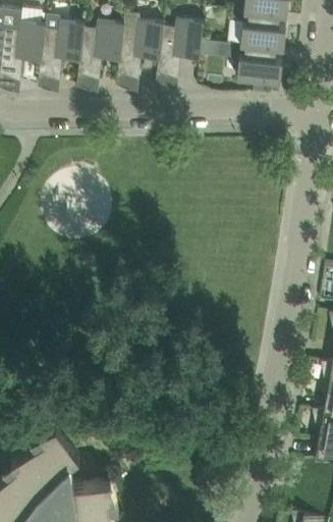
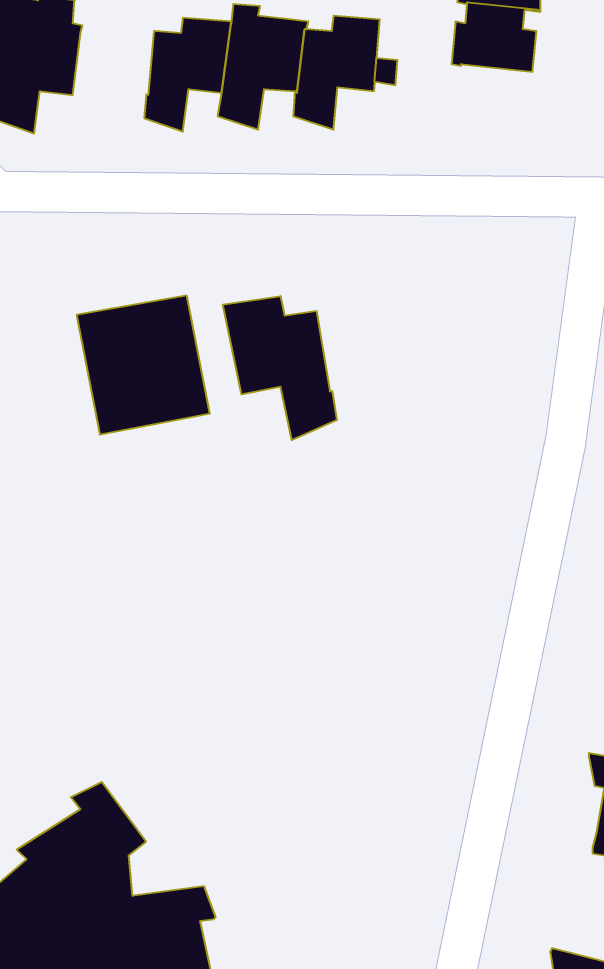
building: [38,18,85,80] -> none
building: [235,43,282,81] -> none
building: none -> [223,296,337,440]

